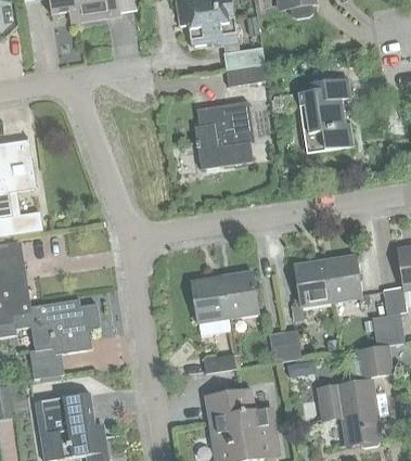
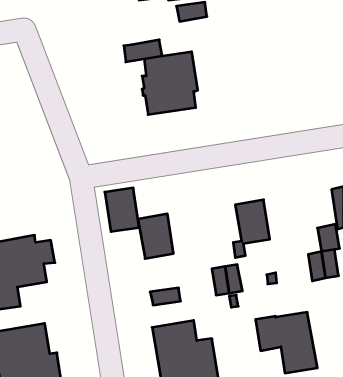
building: [226,63,267,87] -> [124,40,162,62]
building: [297,79,352,152] -> none
building: [324,255,361,302] -> none
building: [221,270,258,317] -> [105,188,139,232]
building: [358,345,394,379] -> none

